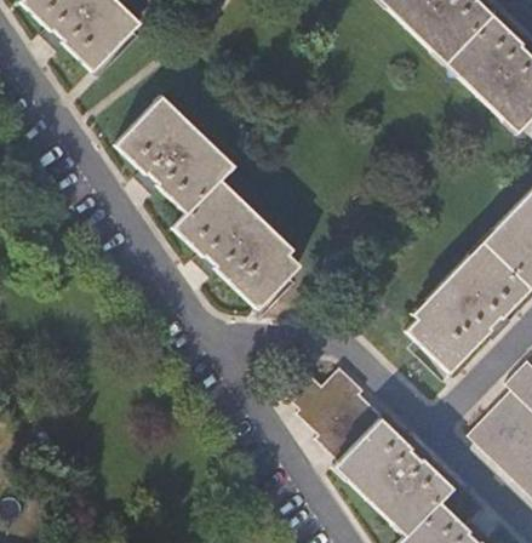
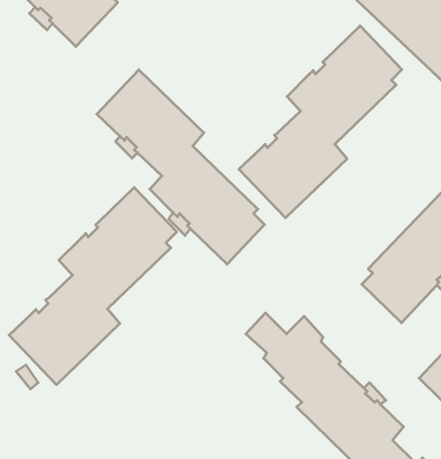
building: none -> [239,26,402,218]
building: none -> [9,187,177,385]

